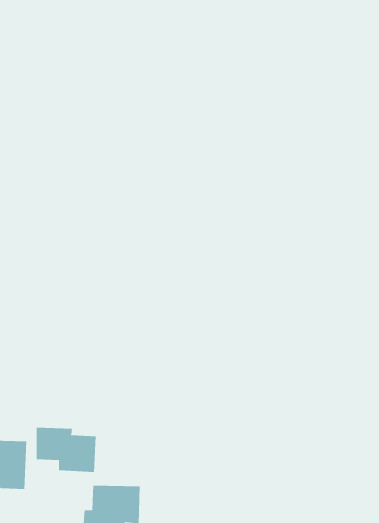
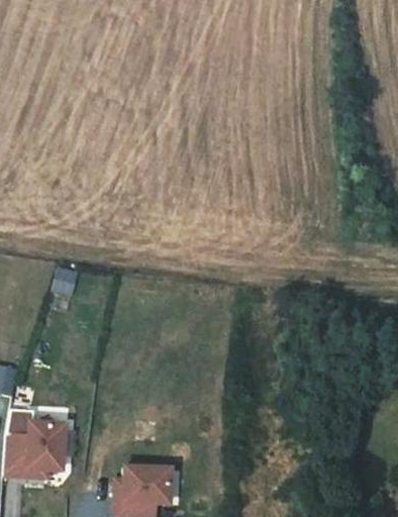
building: [36,427,96,473] -> none

